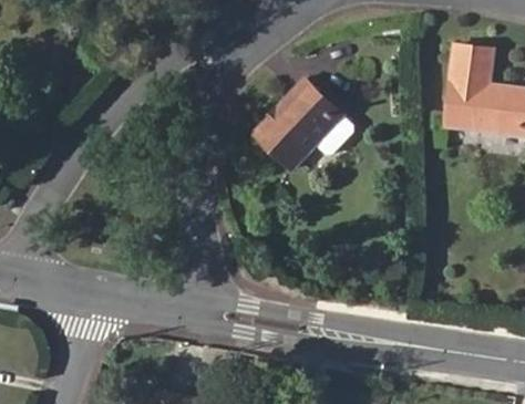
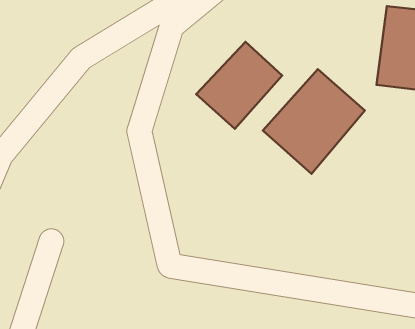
building: none -> [263,69,365,174]

